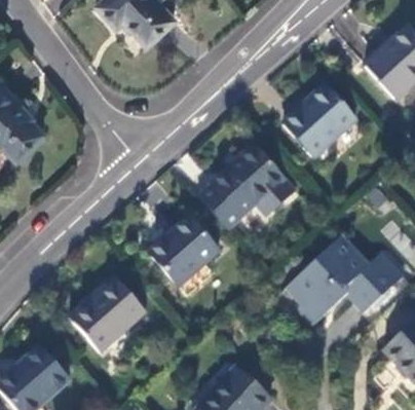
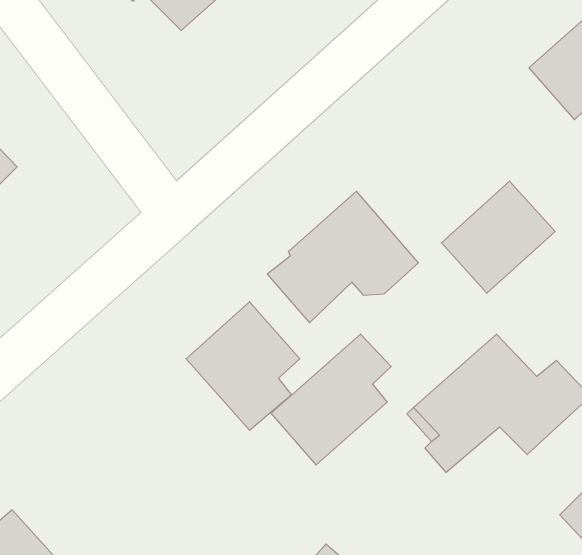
building: [284,86,355,157] -> [441,181,555,293]
building: none -> [271,334,391,465]
building: [66,274,144,350] -> none

